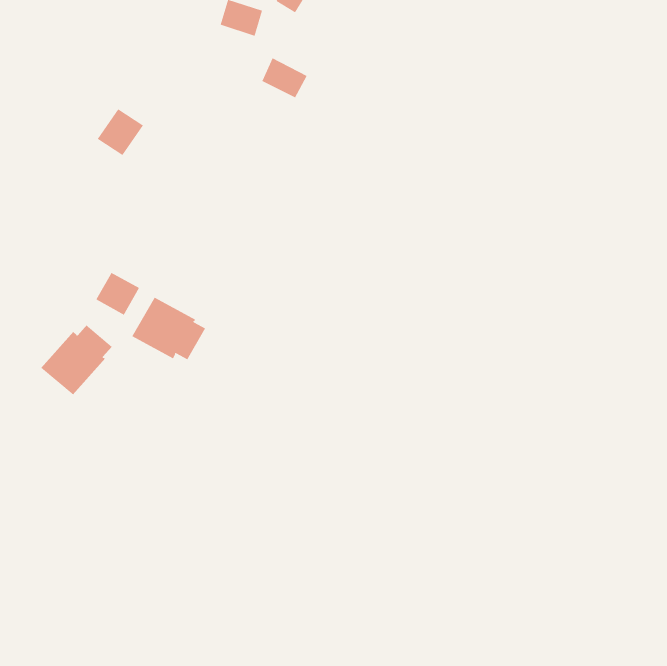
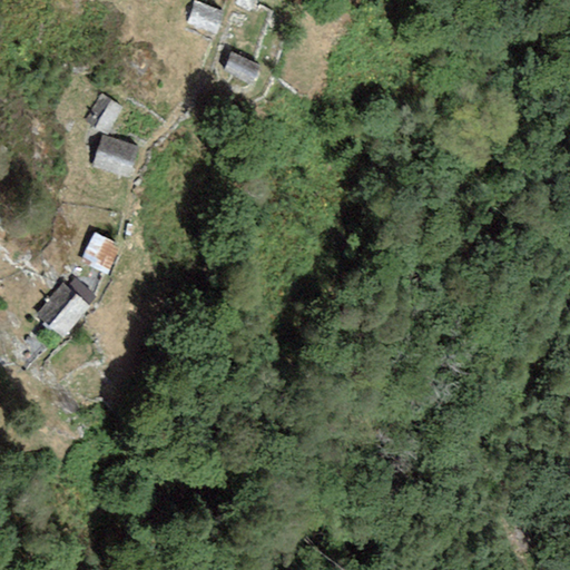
building: none -> [92,135,141,177]
building: [132,297,206,360] -> none

